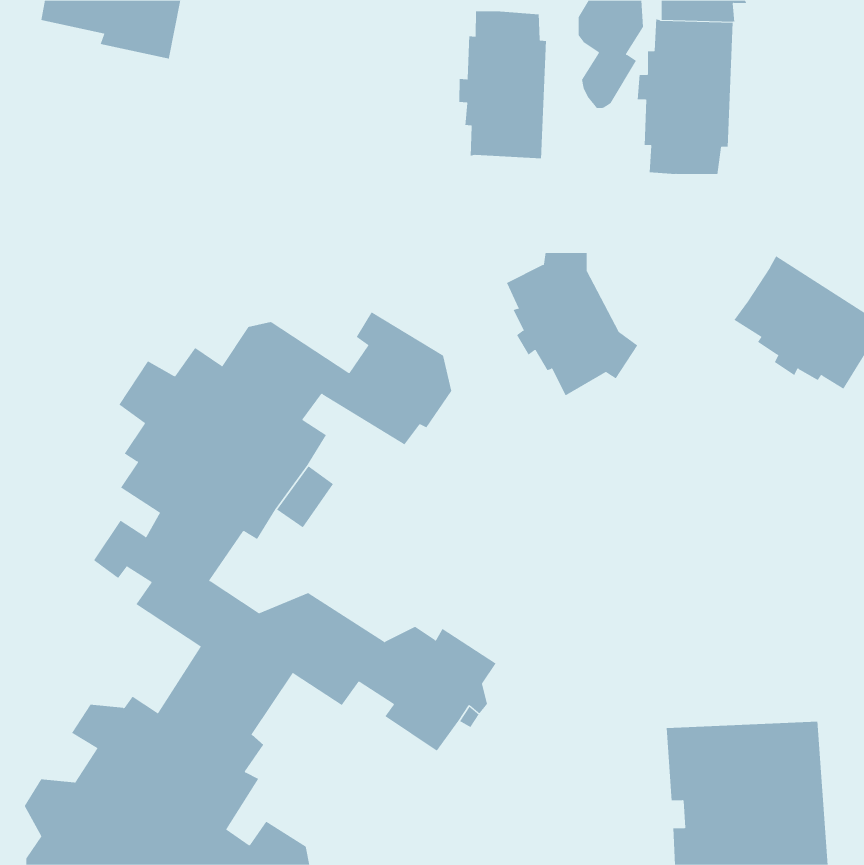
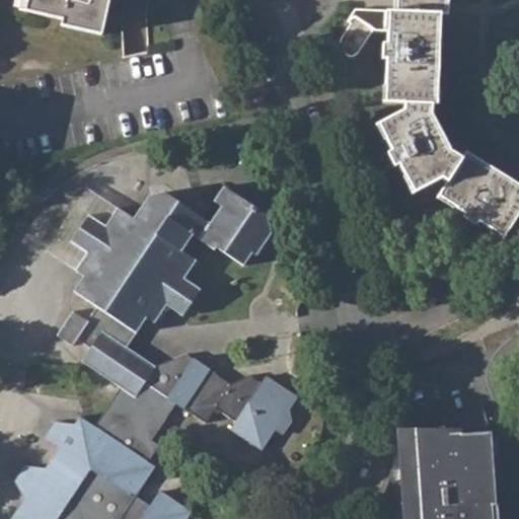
building: [459,10,546,159] -> none
building: [506,252,638,396] -> [382,104,461,191]

